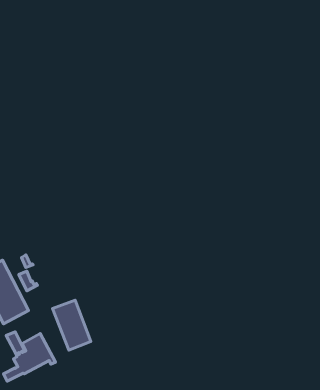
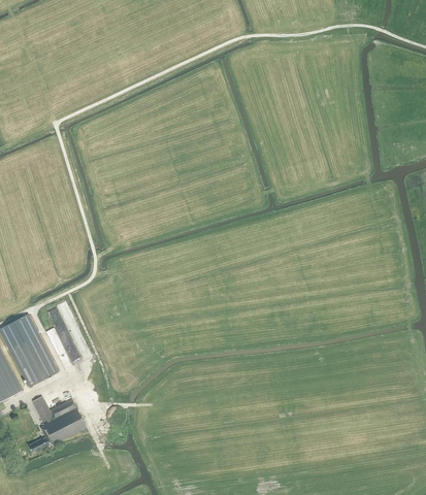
building: [53,300,91,350] -> none

